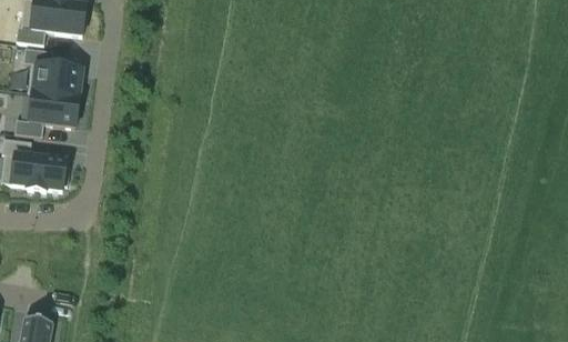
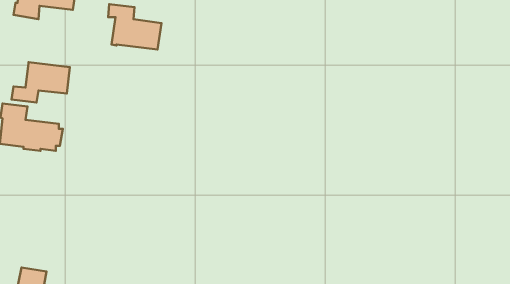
building: [23,46,82,95] -> [108,4,162,49]

